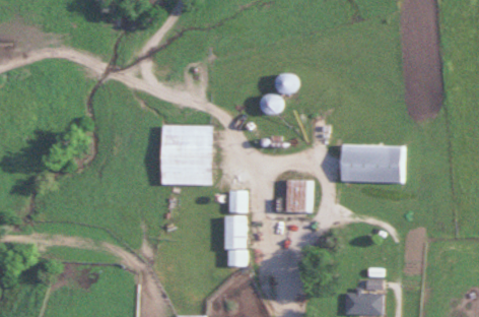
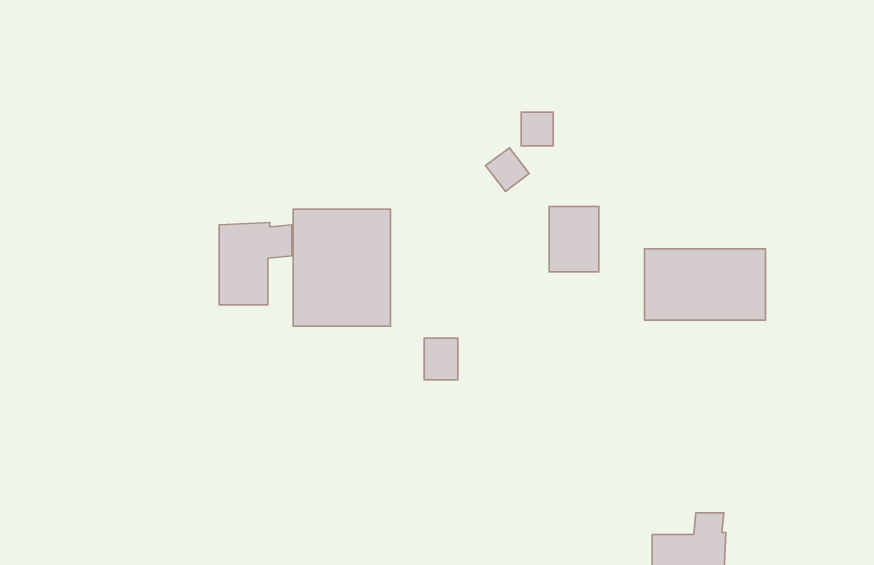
building: none -> [219,223,292,305]
building: [286,180,312,213] -> [549,207,599,272]
building: [225,215,246,266] -> none

